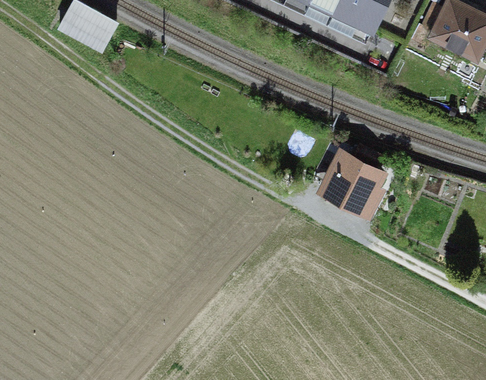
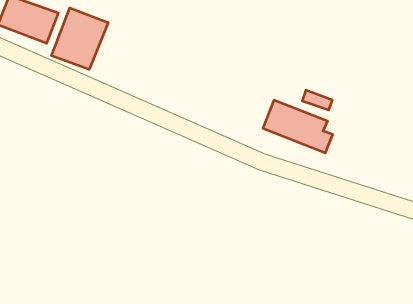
building: none -> [52,8,108,69]

